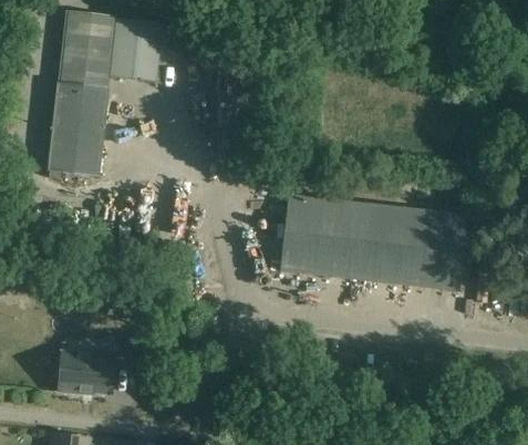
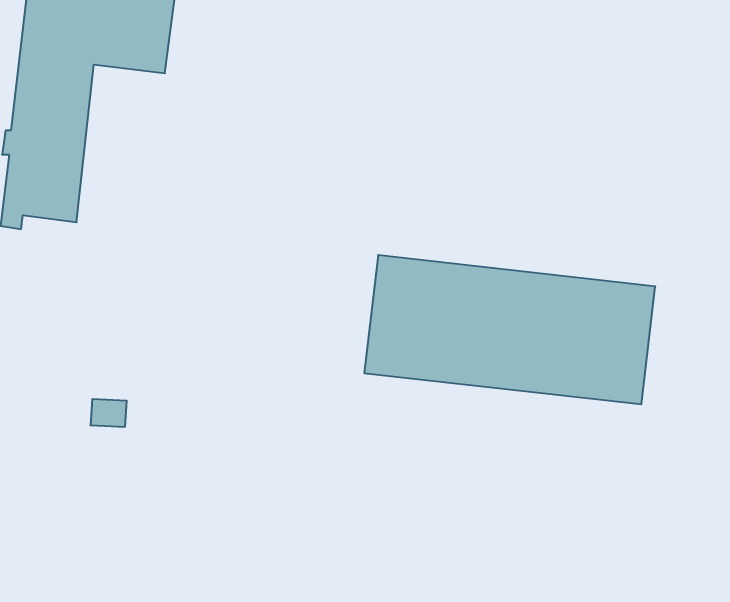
building: [56,348,113,391] -> none

